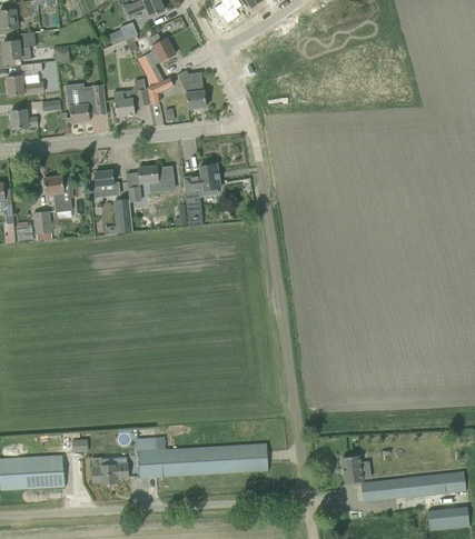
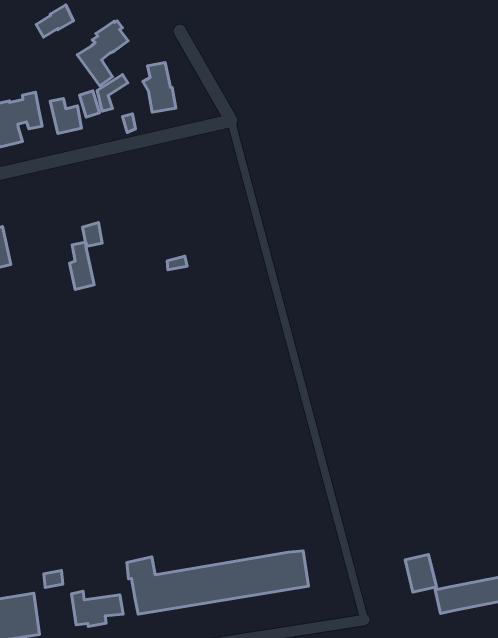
building: [182,162,219,208] -> none
building: [137,166,172,188] -> none
building: [90,170,119,198] -> none

